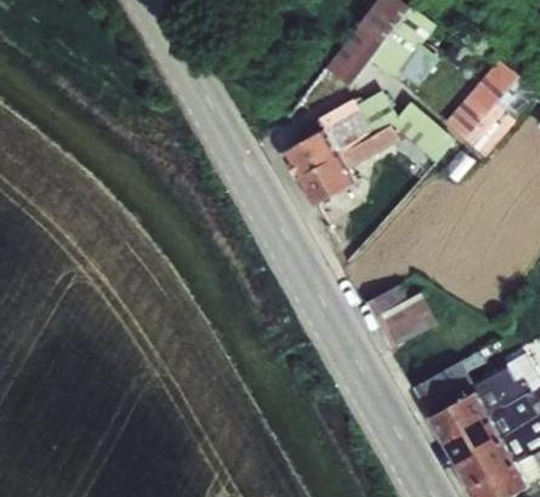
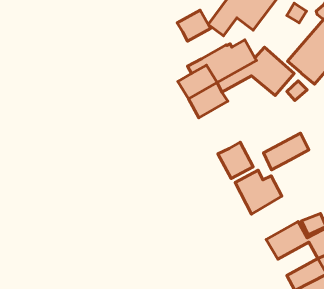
building: none -> [177,10,210,41]
building: none -> [263,133,309,170]
building: none -> [218,142,253,179]
building: [428,390,488,440] -> none

